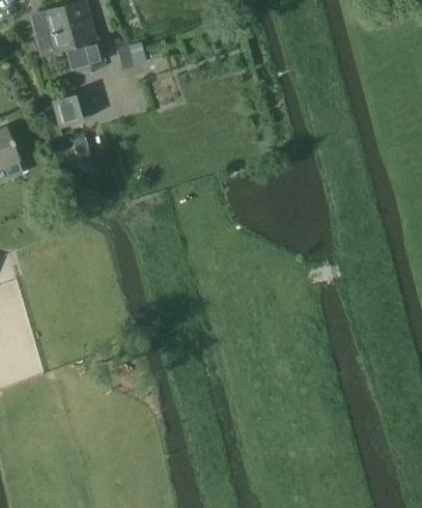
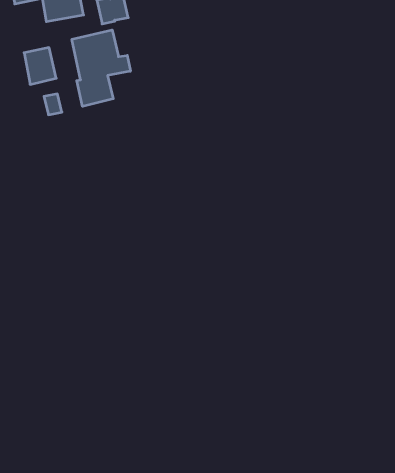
building: none -> [72,30,130,106]

